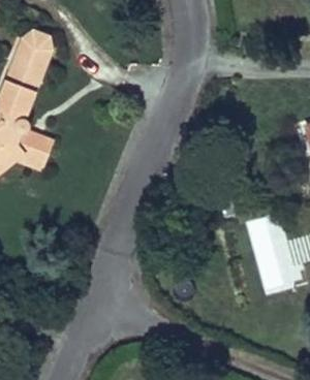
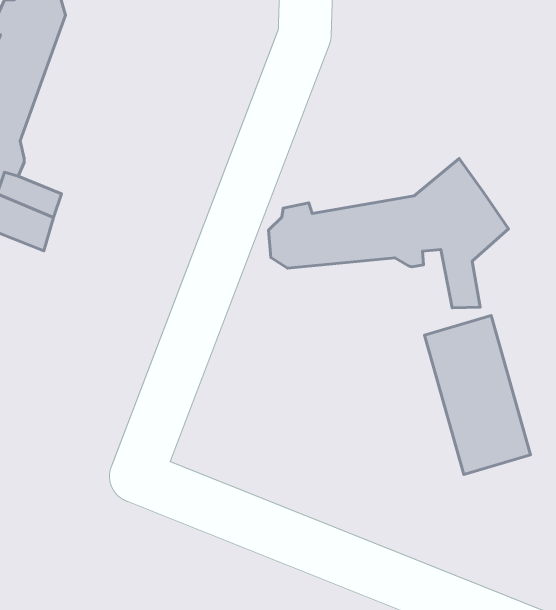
building: none -> [268,159,508,308]

